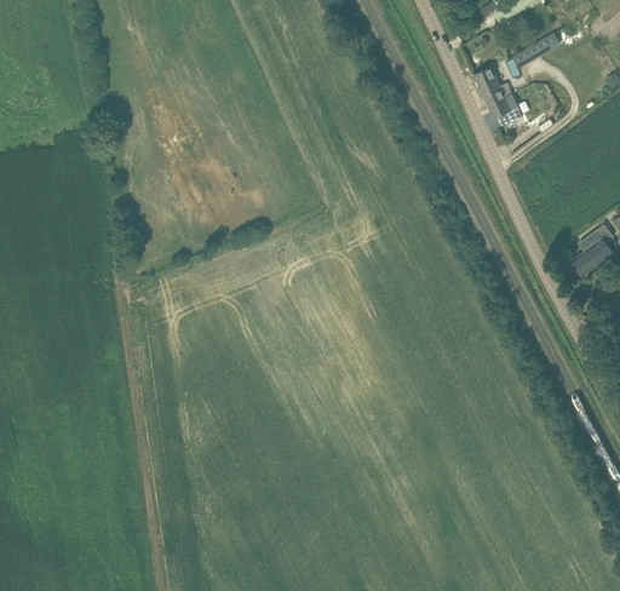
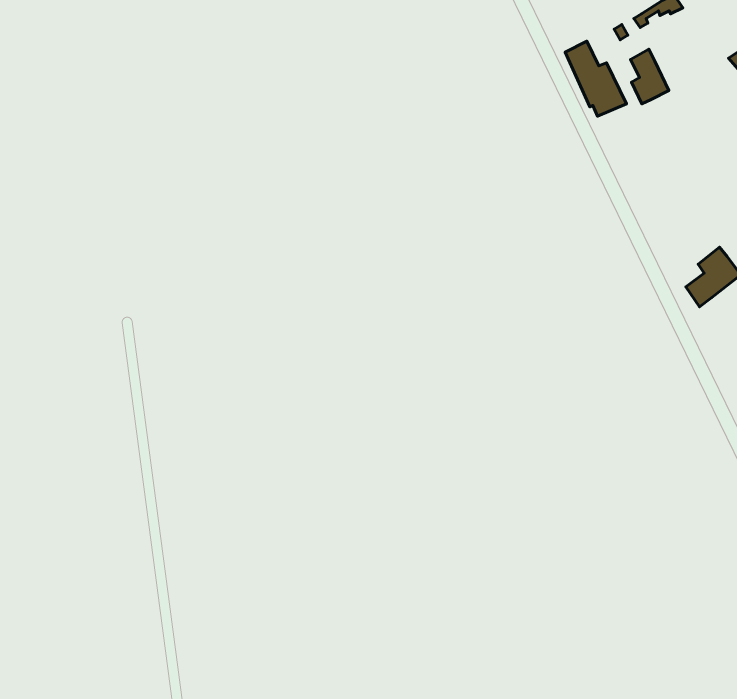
building: none -> [631,49,669,104]

